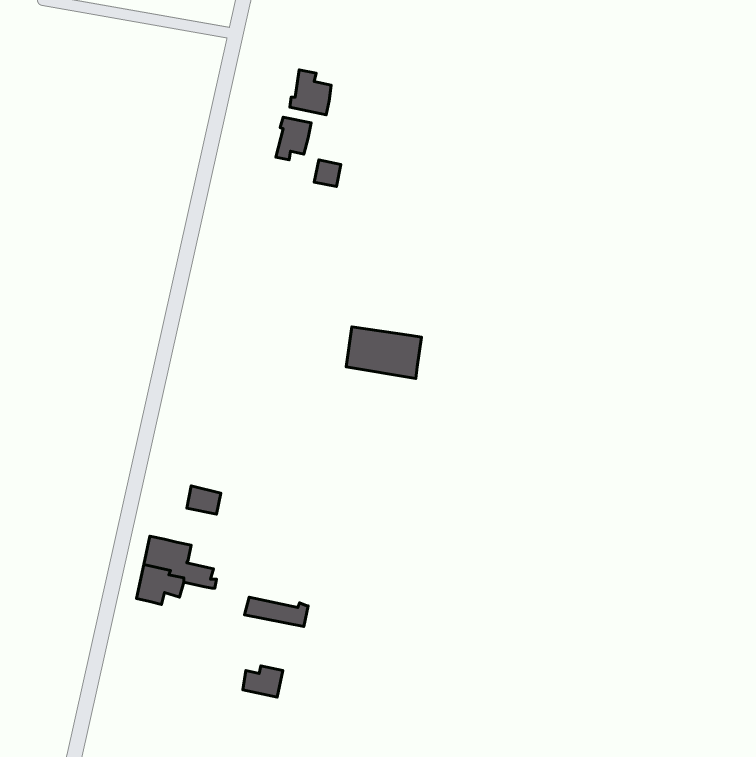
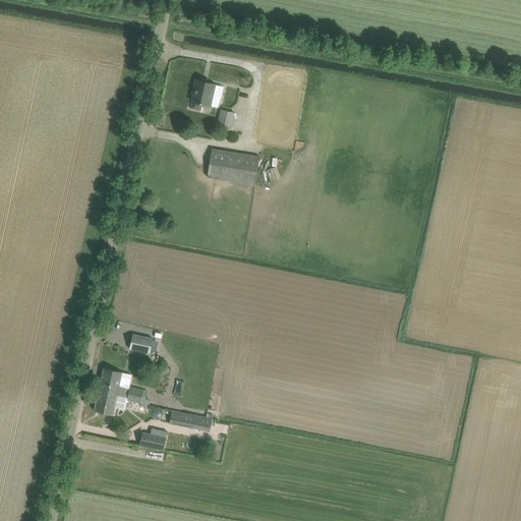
building: [290,70,331,115] -> none
building: [346,327,422,379] -> [207,150,258,185]
building: [243,666,283,697] -> [138,428,166,450]

